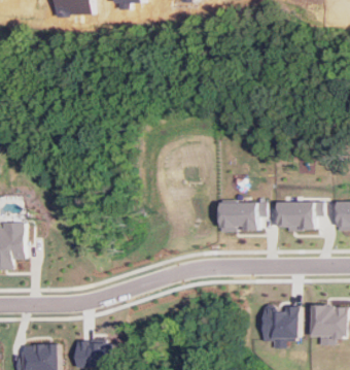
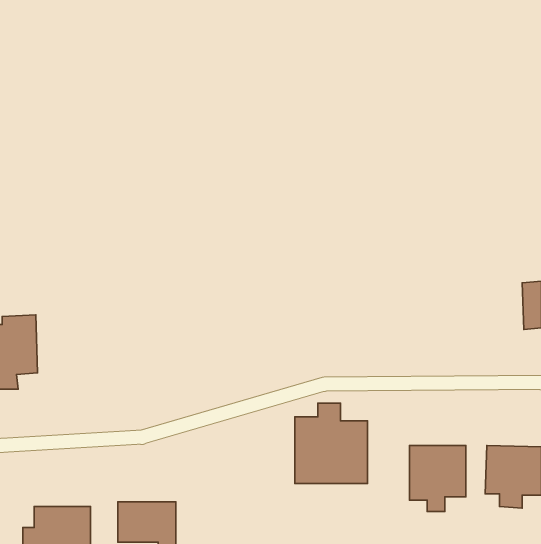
building: [276,201,321,231] -> none
building: [219,202,264,231] -> none
building: none -> [295,403,367,483]

